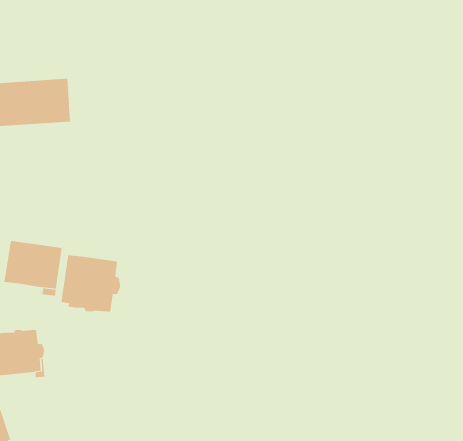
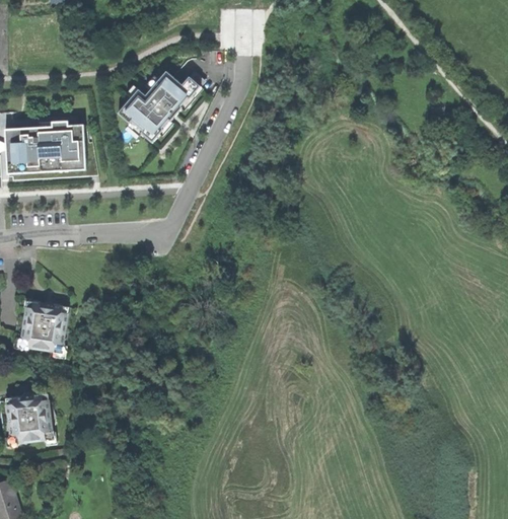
building: none -> [119,72,204,142]
building: [61,255,121,312] -> none

